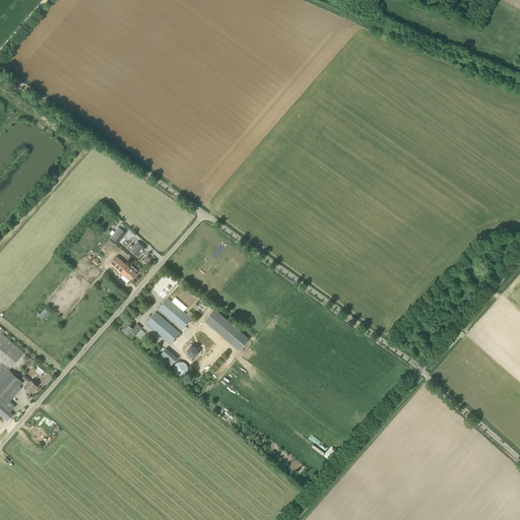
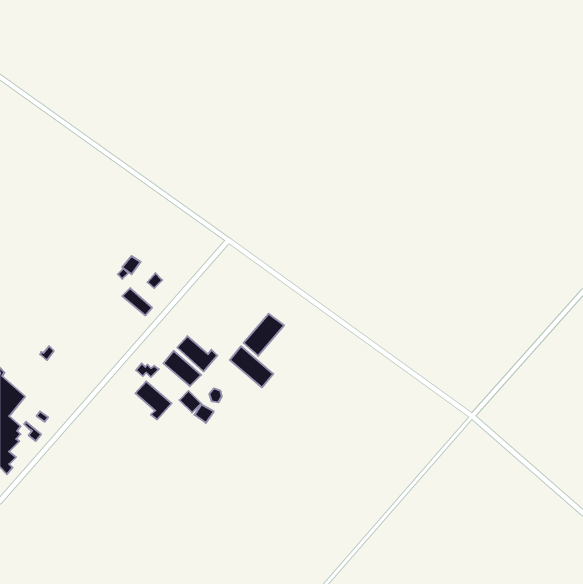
building: none -> [244,314,284,356]
building: none -> [136,381,172,419]

